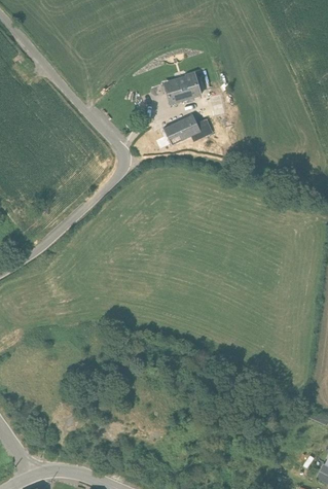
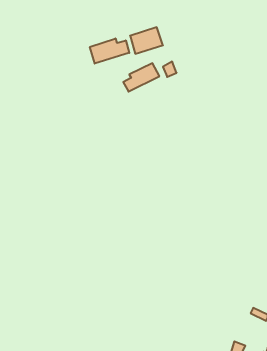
building: none -> [90,38,129,64]

